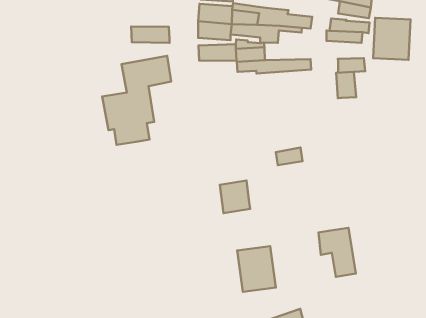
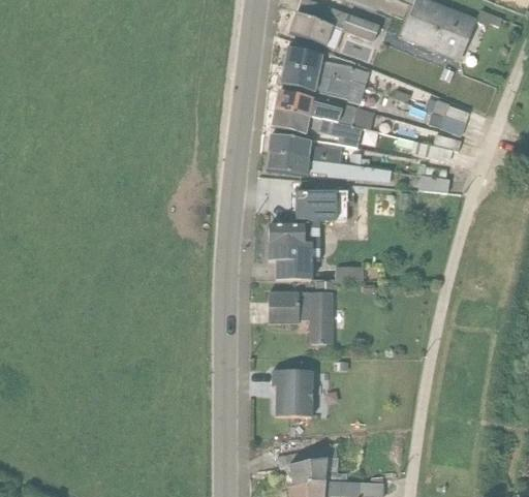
building: [373,18,410,60] -> none
building: [131,26,170,43] -> [266,152,309,177]
building: [102,56,171,145] -> [268,190,346,279]
building: [336,72,356,98] -> none
building: [318,228,356,277] -> [298,292,333,344]

